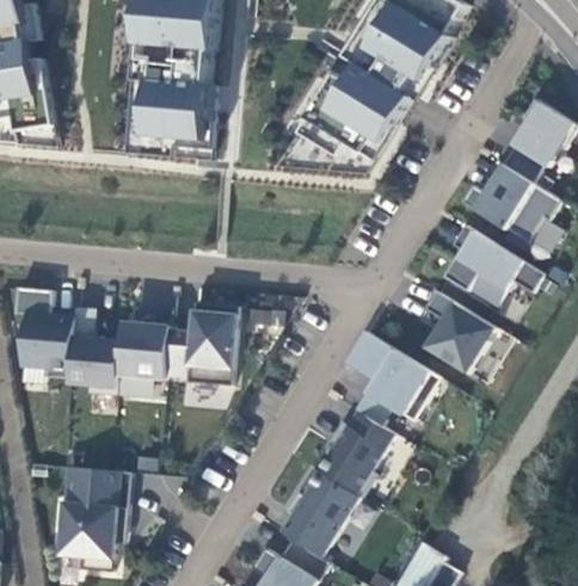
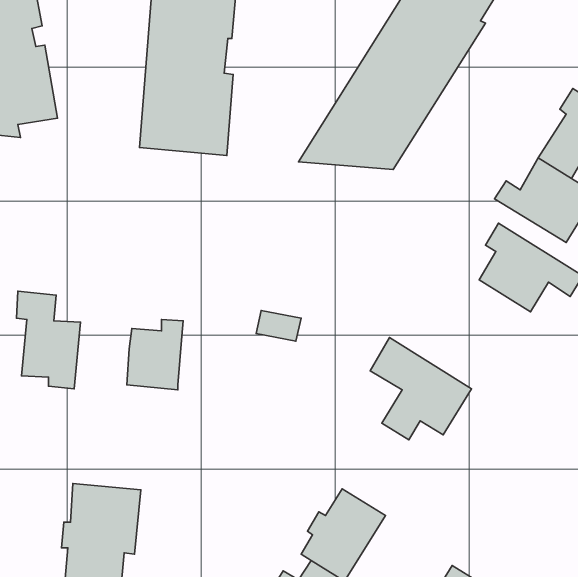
building: [424,289,496,372] -> none
building: [166,303,238,384] -> none
building: [69,307,121,394] -> none
building: [319,409,394,496] -> none

